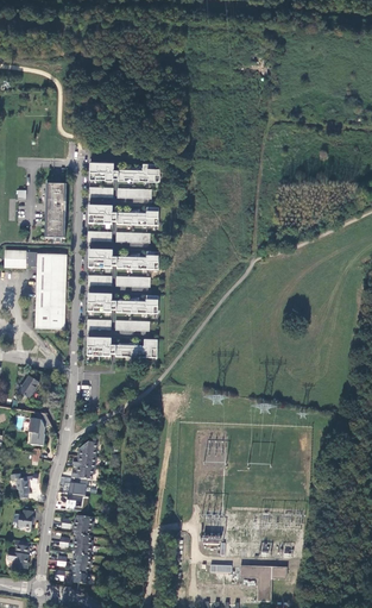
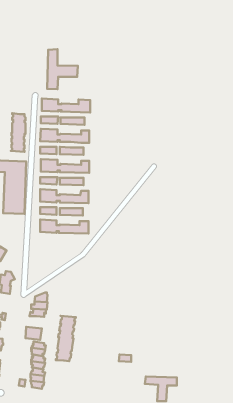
building: none -> [47,49,78,89]
building: none -> [56,316,76,361]

